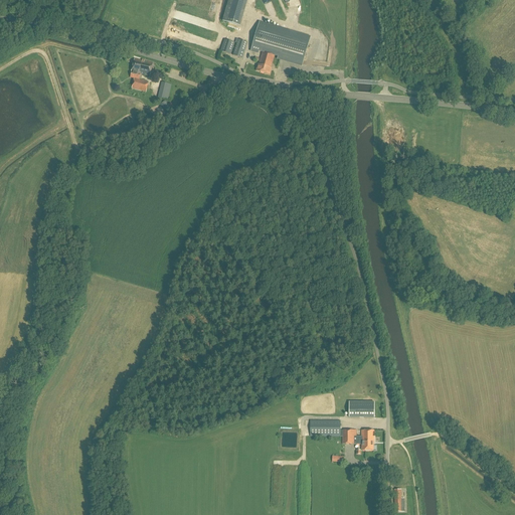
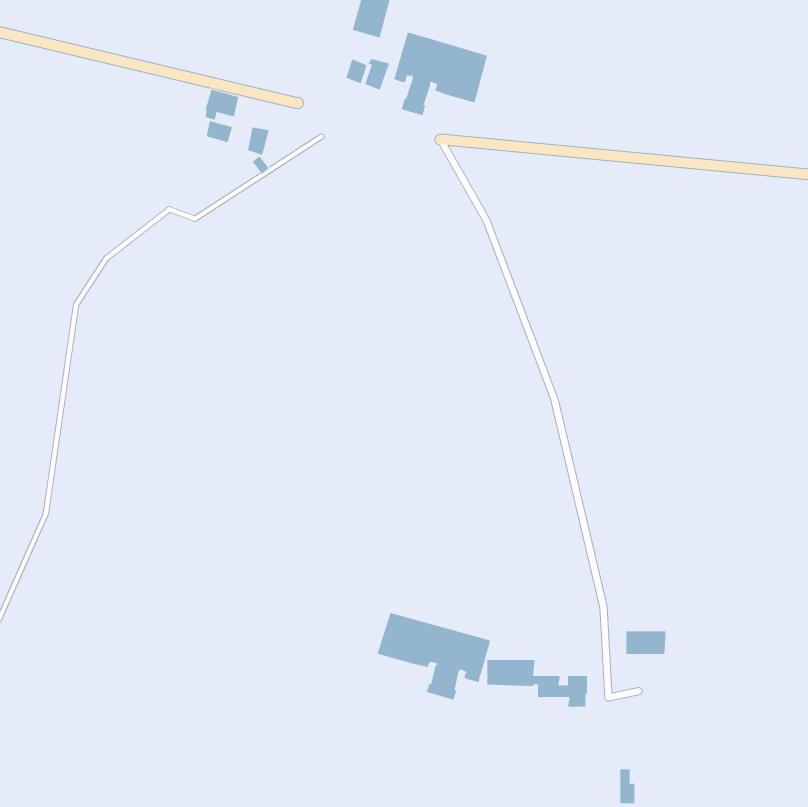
building: none -> [377,612,491,700]
building: [348,400,374,415] -> [625,631,667,655]

